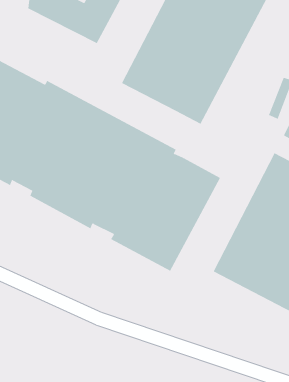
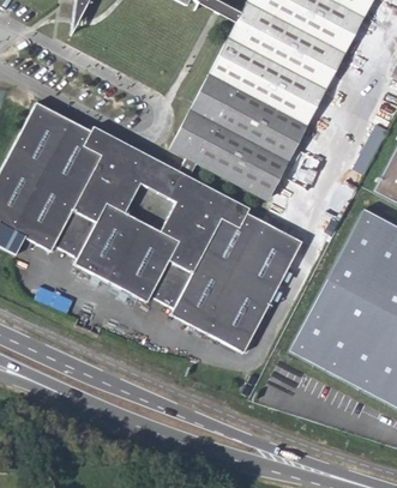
building: none -> [173,128,277,198]

